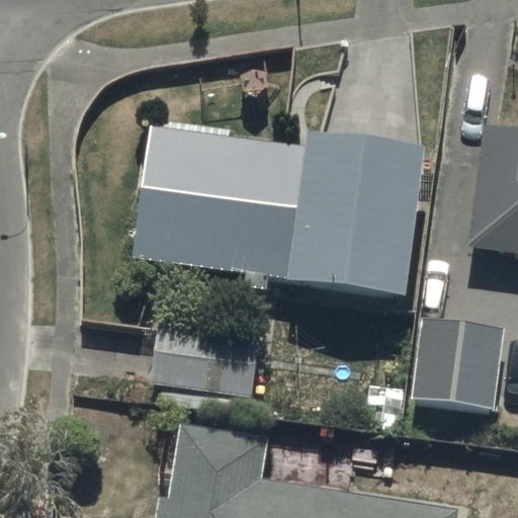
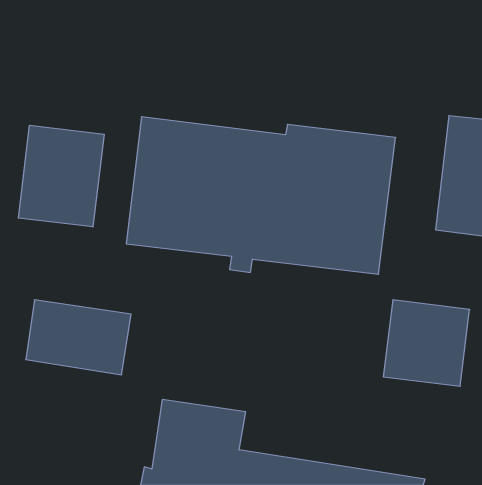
building: none -> [18,125,104,227]
building: [150,320,262,400] -> [26,300,131,375]

